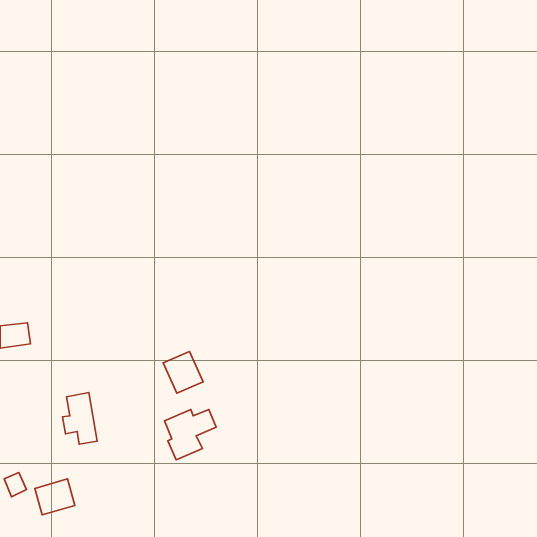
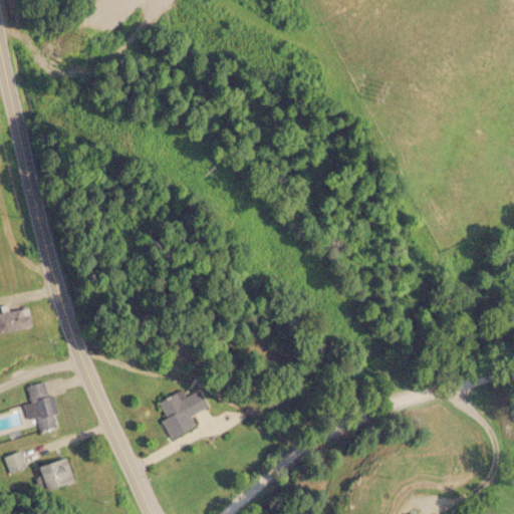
building: [163,351,203,393] -> none
building: [62,393,97,444] -> [23,381,56,431]

